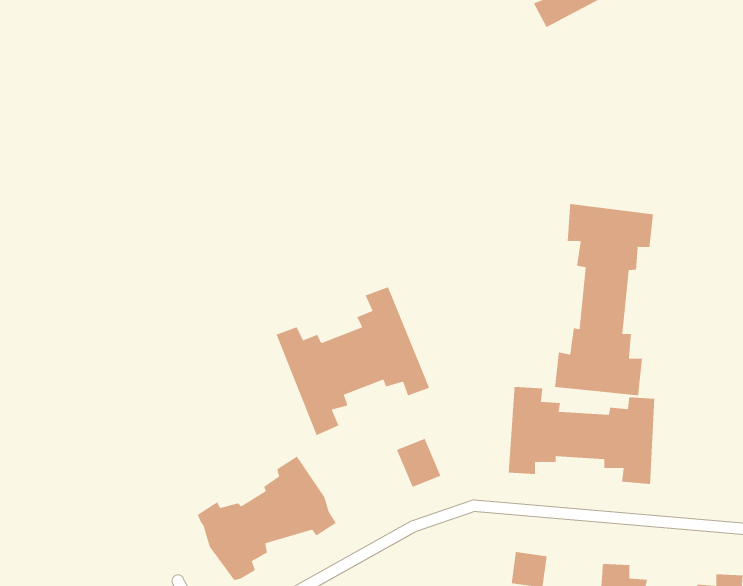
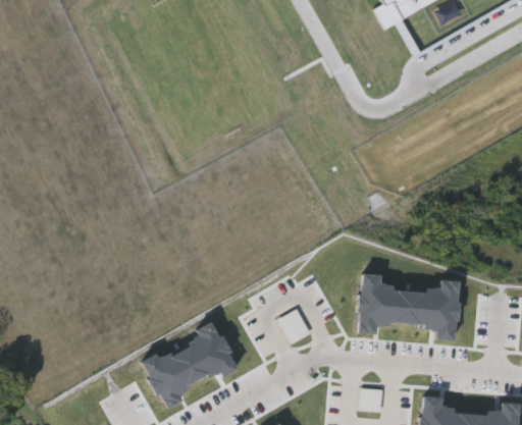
building: [554,203,654,396] -> none
building: [276,286,430,436] -> none

